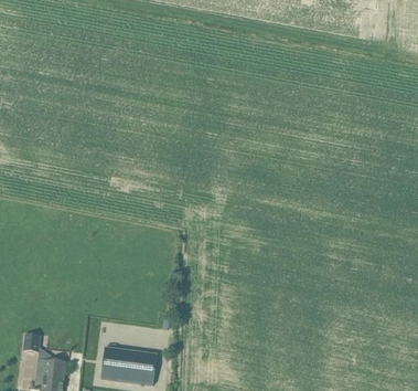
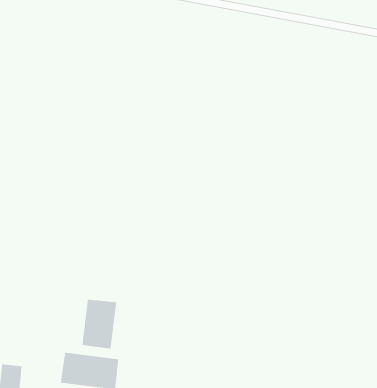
building: none -> [81,299,117,350]

